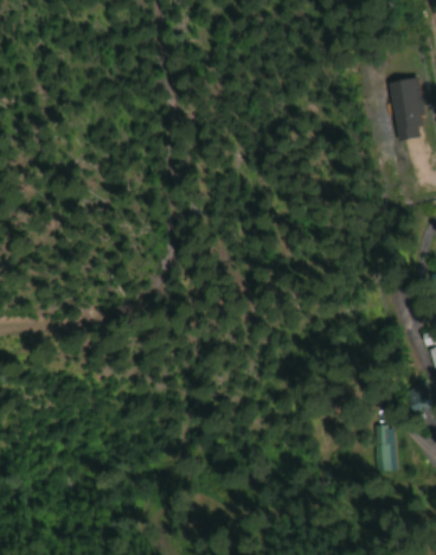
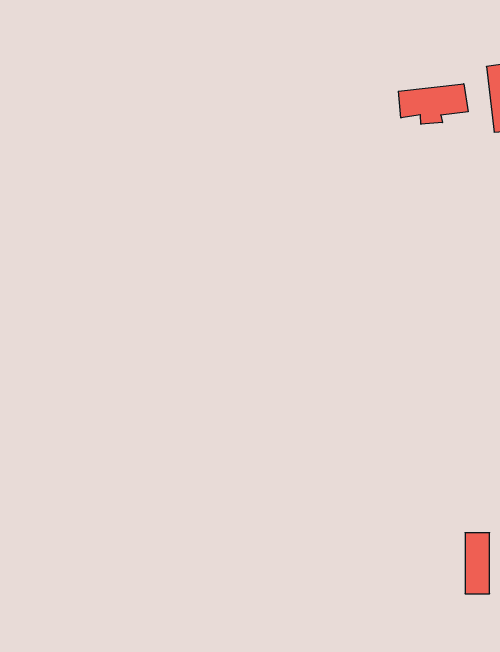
building: none -> [398,84,468,124]

